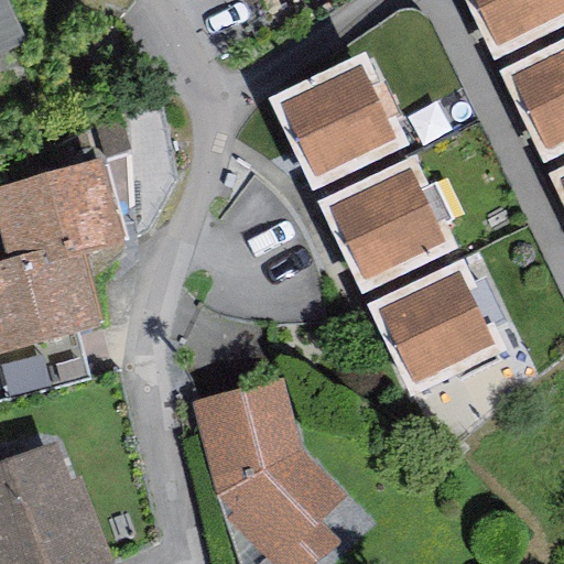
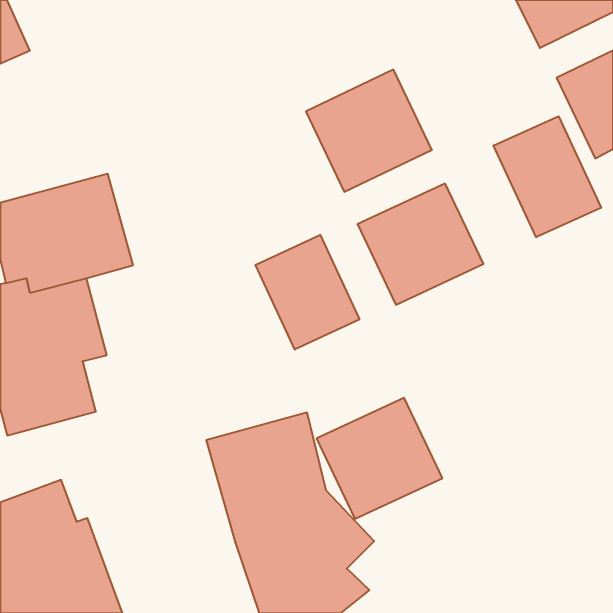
building: none -> [494,116,601,237]
building: none -> [255,235,359,350]
building: [378,272,494,383] -> [317,398,442,519]

